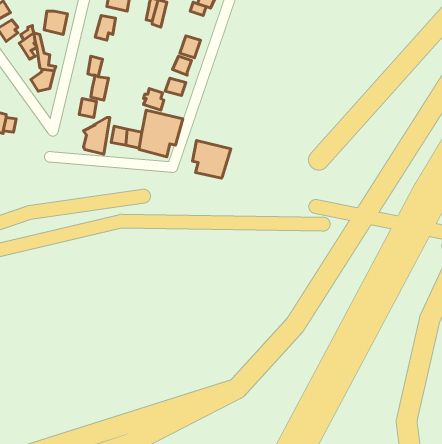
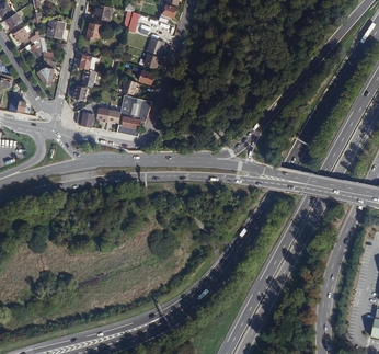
building: [193,140,231,178] -> none

